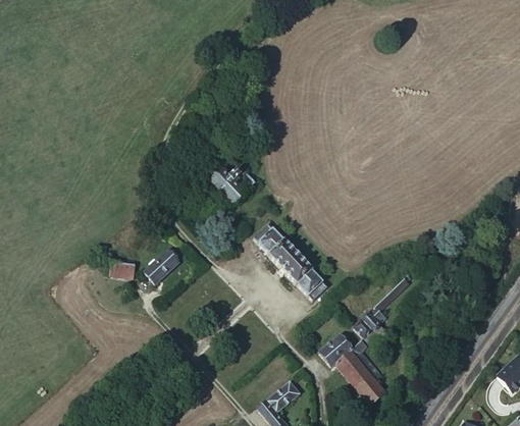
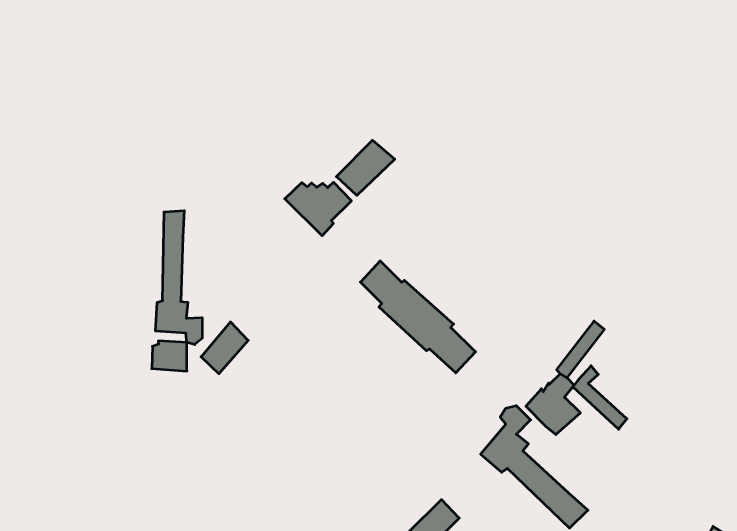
building: none -> [336,140,395,195]
building: none -> [156,211,202,345]
building: [348,343,380,386] -> [573,366,627,429]

